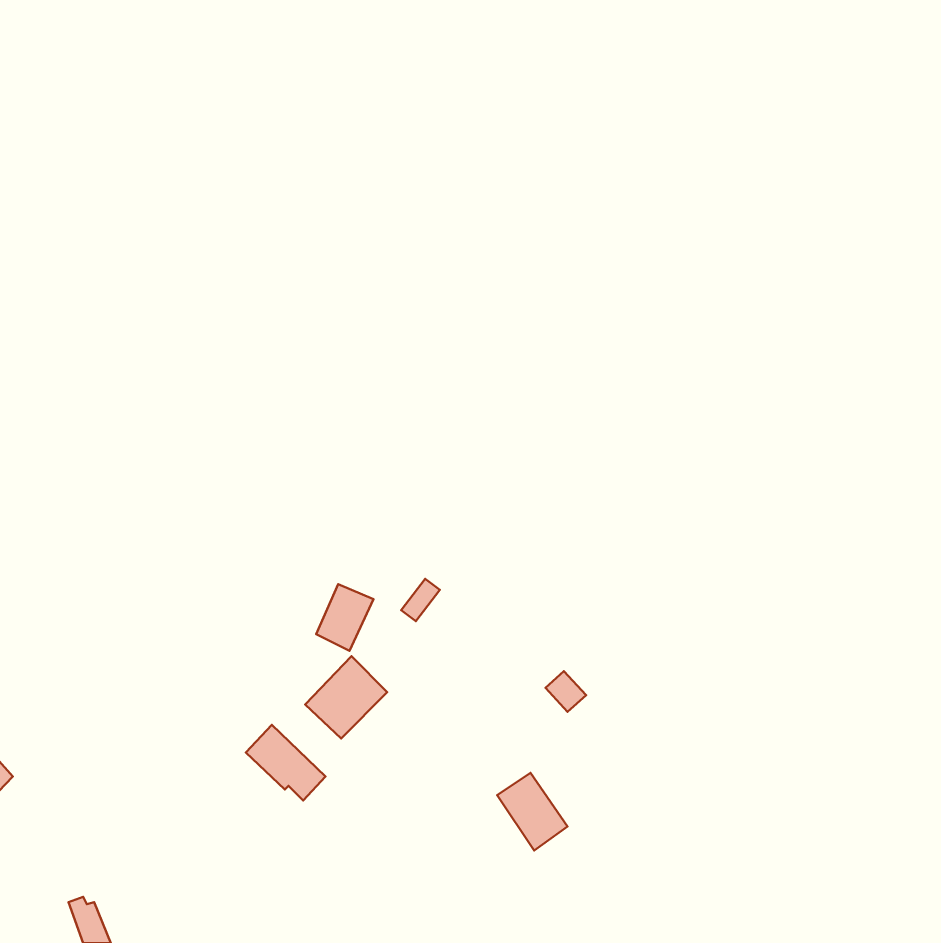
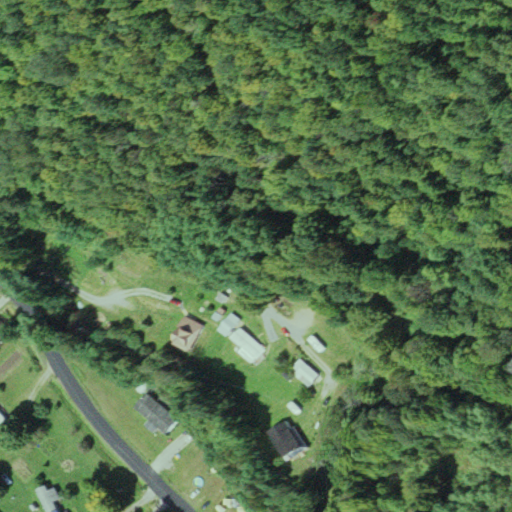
building: none -> [230,327,263,363]
building: [305,656,387,738] -> none

